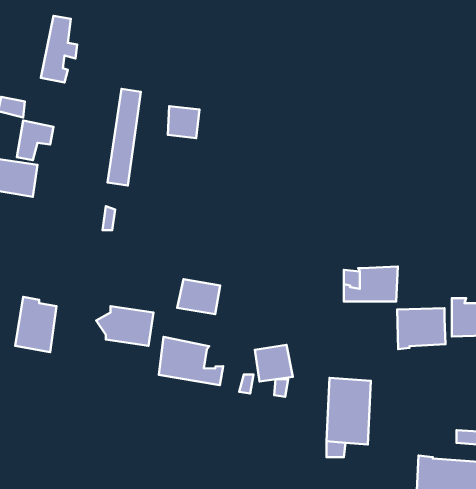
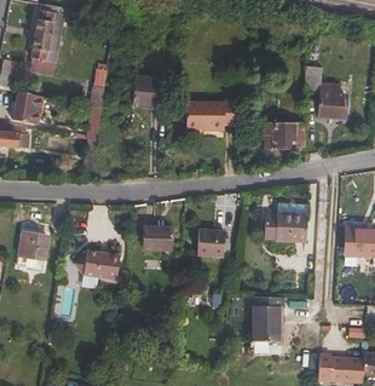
building: none -> [304,67,345,117]
building: none -> [185,104,232,133]
building: none -> [262,121,304,149]
building: [397,308,446,349] -> none
building: [159,337,223,385] -> none
building: [255,345,293,381] -> [198,227,227,255]

